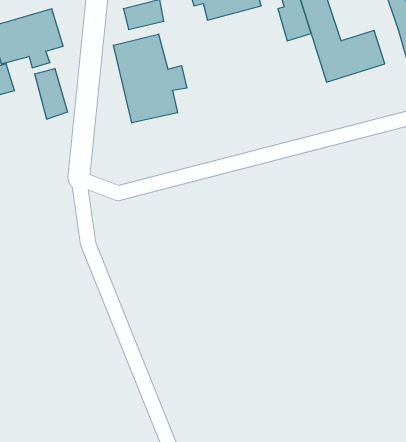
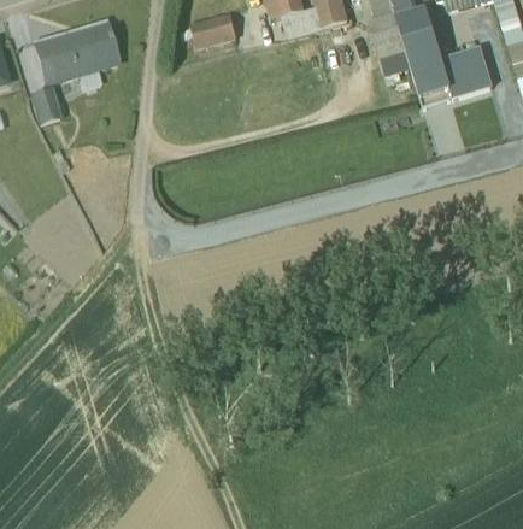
building: [113,34,187,123] -> none
building: [35,68,67,119] -> none

